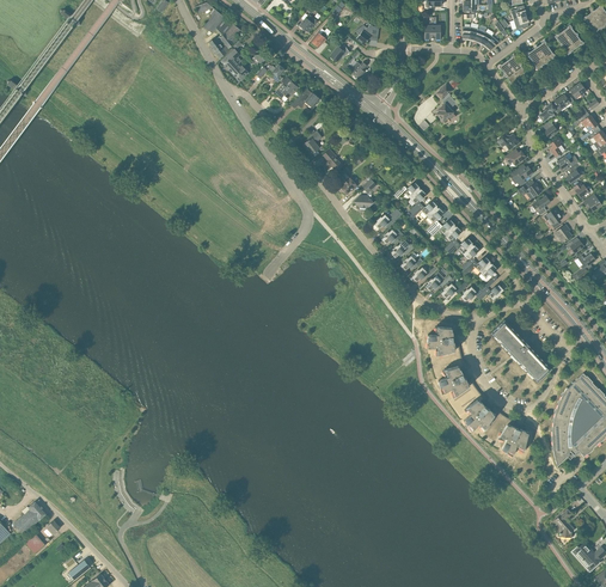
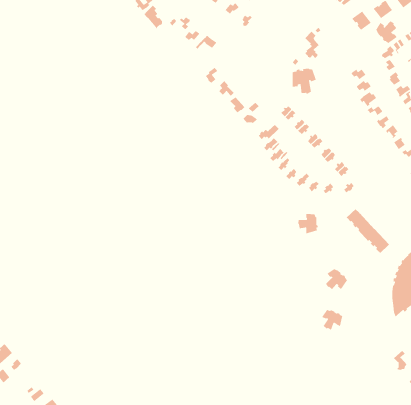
building: none -> [375,20,398,45]
building: none -> [292,68,317,95]
building: [437,366,469,397] -> none
building: [498,424,528,454] -> [321,308,343,331]

